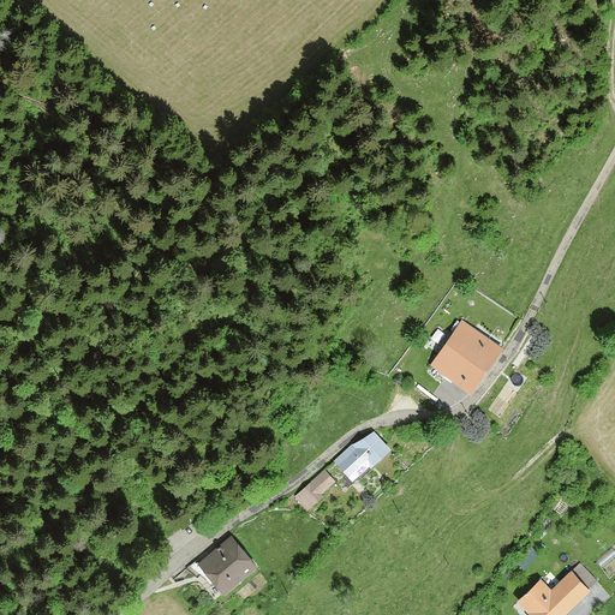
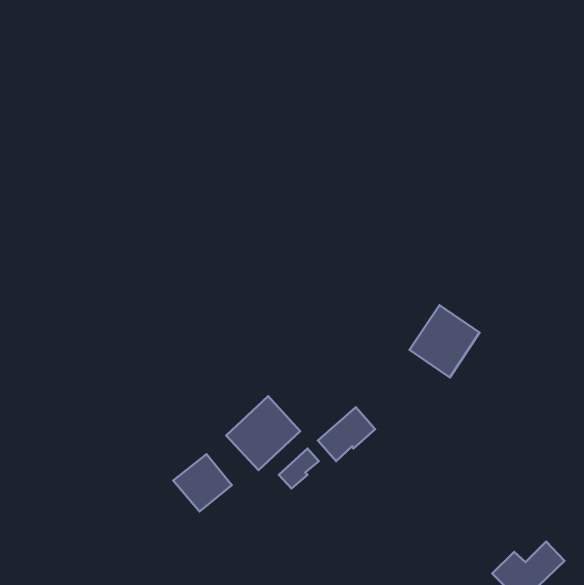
building: none -> [226,396,300,470]
building: [196,535,257,595] -> [173,454,232,511]

